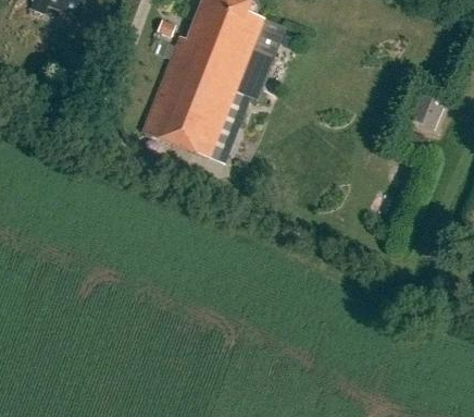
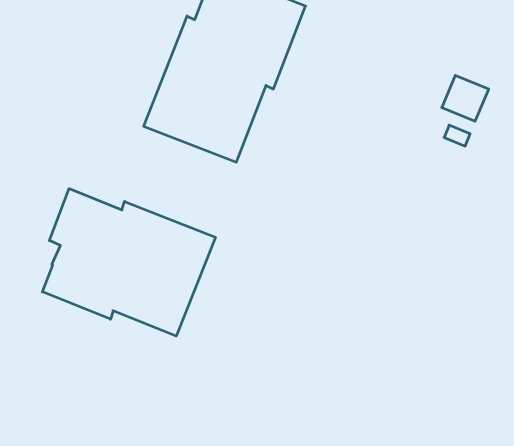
building: none -> [42,189,215,336]

